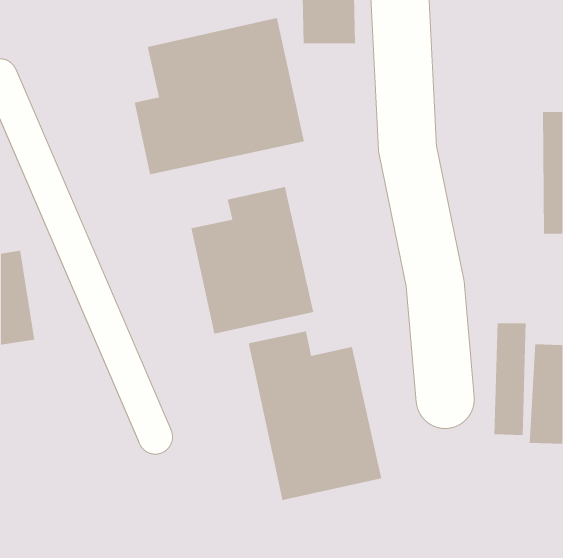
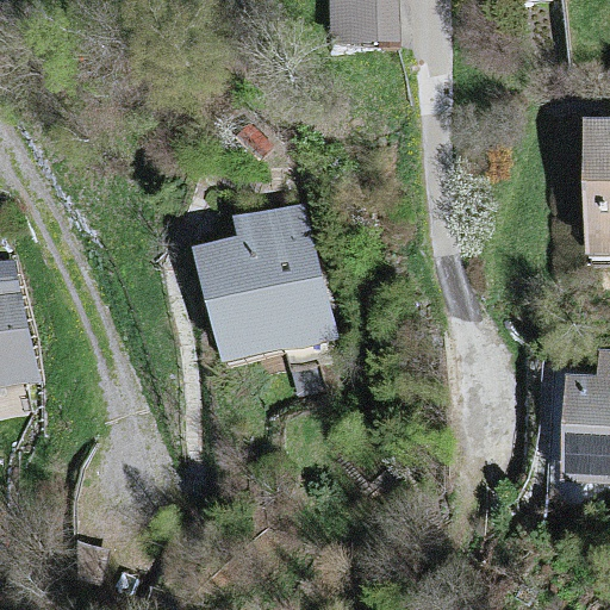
building: [134,17,305,175] -> none
building: [248,330,382,501] -> none

